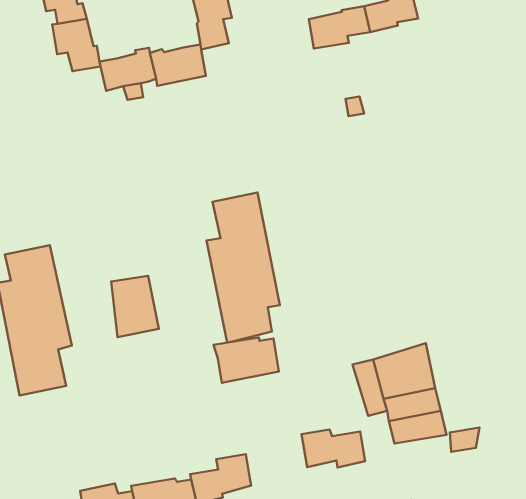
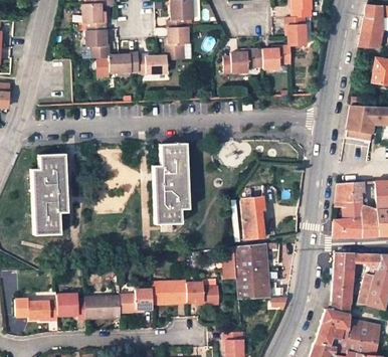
building: none -> [242,198,264,239]
building: [111,276,159,337] -> none
building: [214,337,279,383] -> [154,282,188,304]

